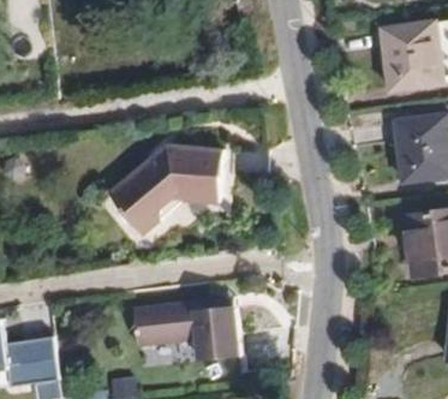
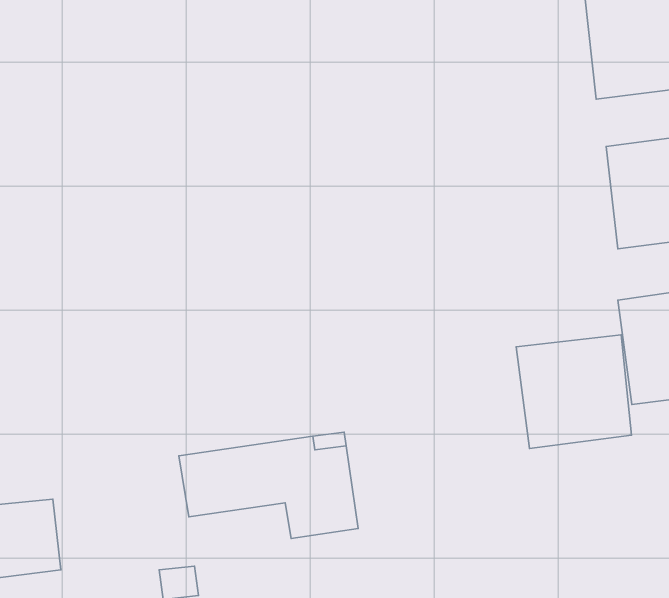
building: [109,145,223,234] -> none
building: none -> [516,335,632,449]

